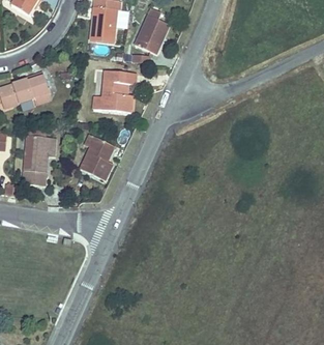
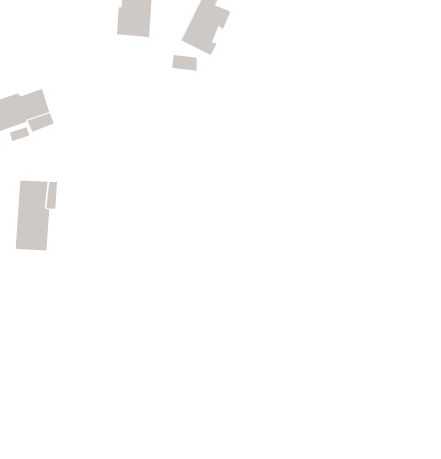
building: [93,69,135,111] -> none
building: [81,138,111,178] -> none

